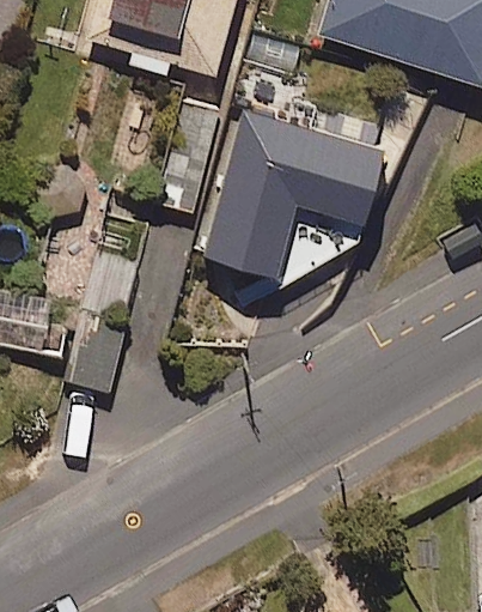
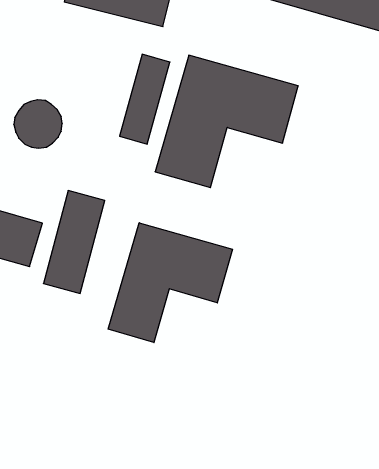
building: none -> [108,223,233,343]

